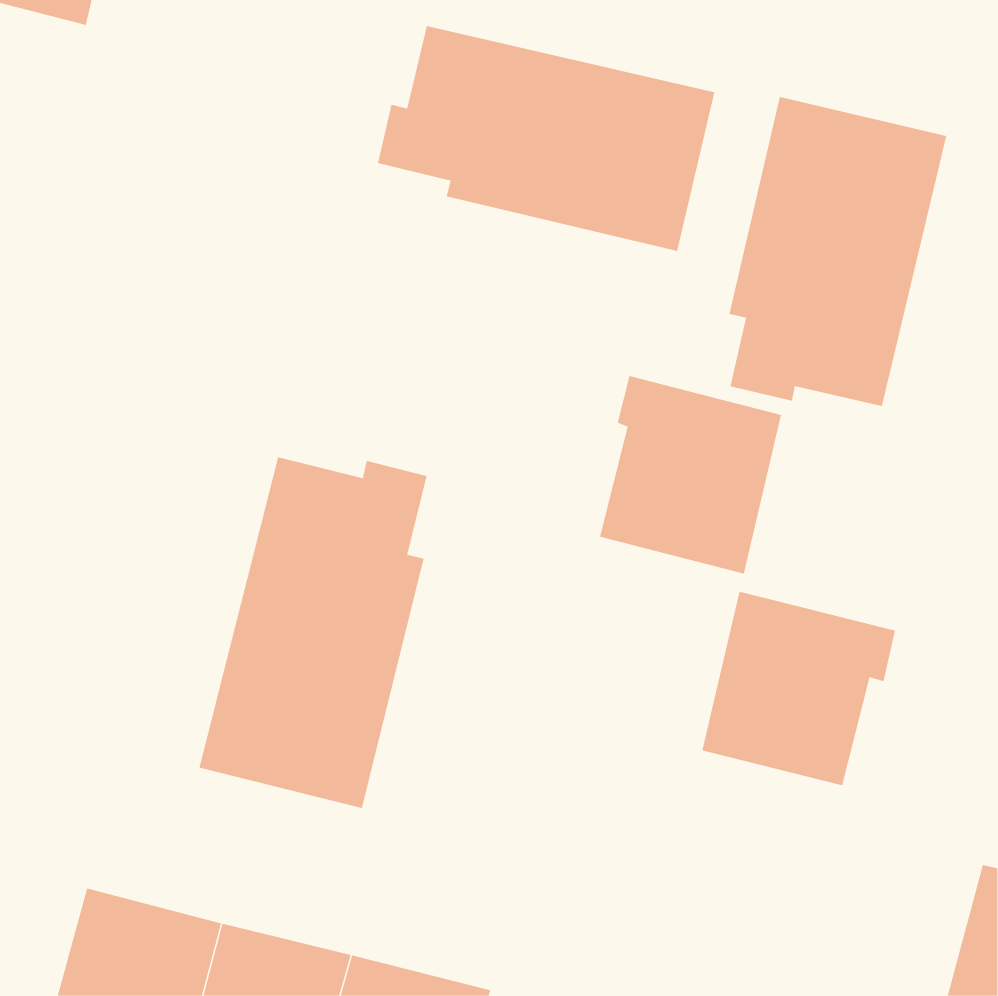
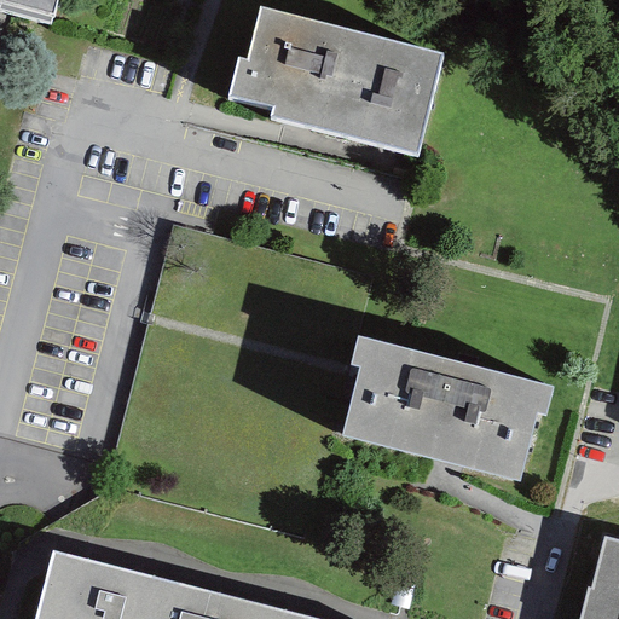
building: [729,96,947,407] -> none
building: [599,376,782,574] -> [342,340,455,462]
building: [199,457,427,809] -> none

